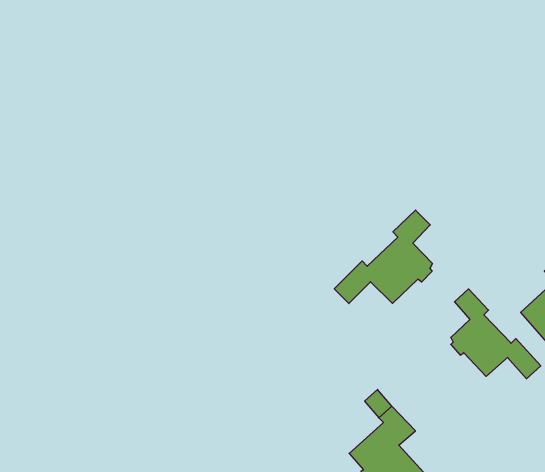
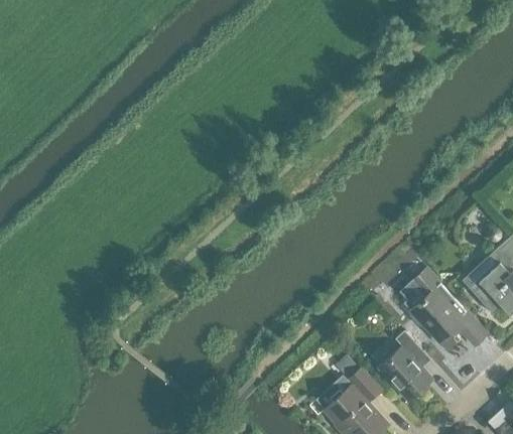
building: [334,210,432,304] -> none
building: none -> [379,329,432,400]

